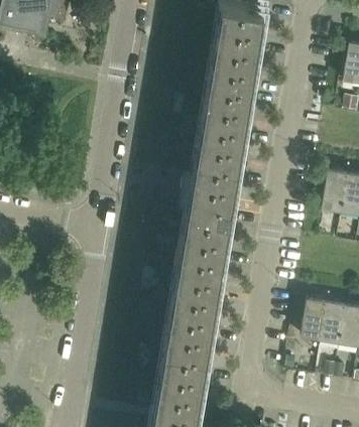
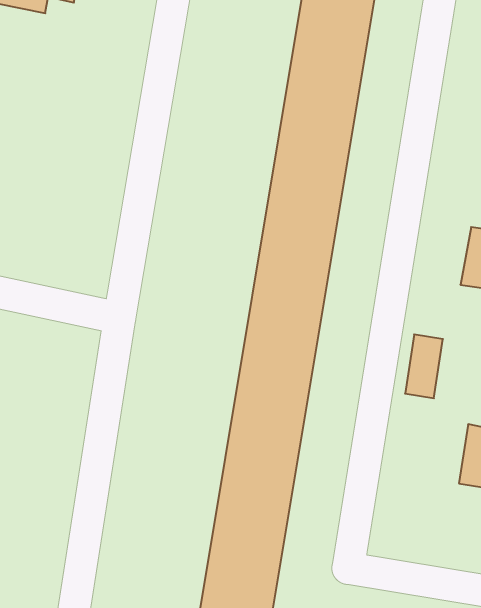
building: [303,298,328,340] -> [405,334,443,398]

